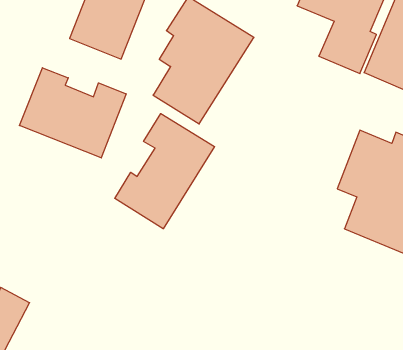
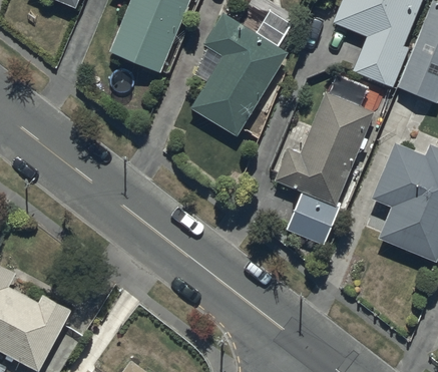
building: [19,68,126,158] -> none
building: none -> [276,91,373,244]
building: [115,114,215,229] -> none

